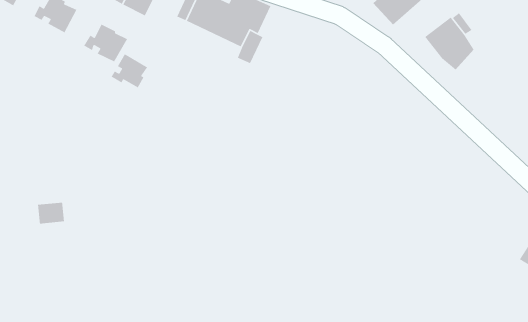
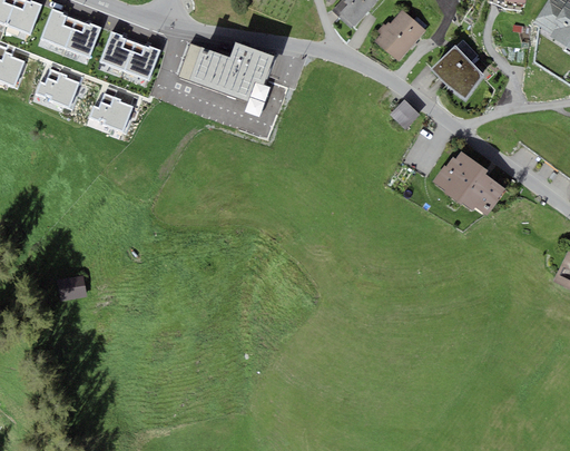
building: [111,53,148,88] -> none
building: none -> [390,99,421,129]
building: none -> [432,150,505,215]

